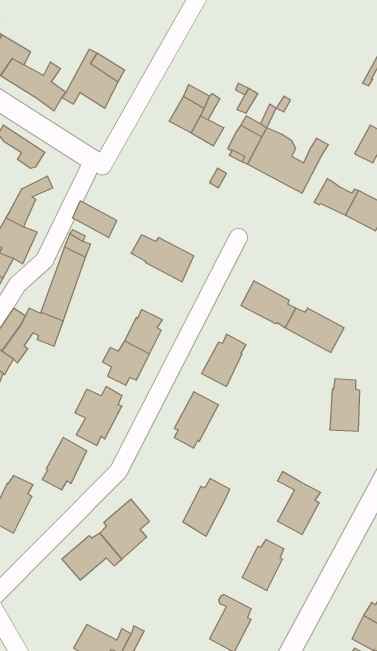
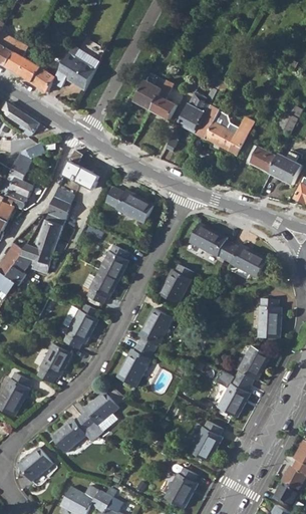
building: none -> [235,346,269,386]
building: [183,479,230,536] -> [116,343,152,388]
building: none -> [17,447,52,482]

